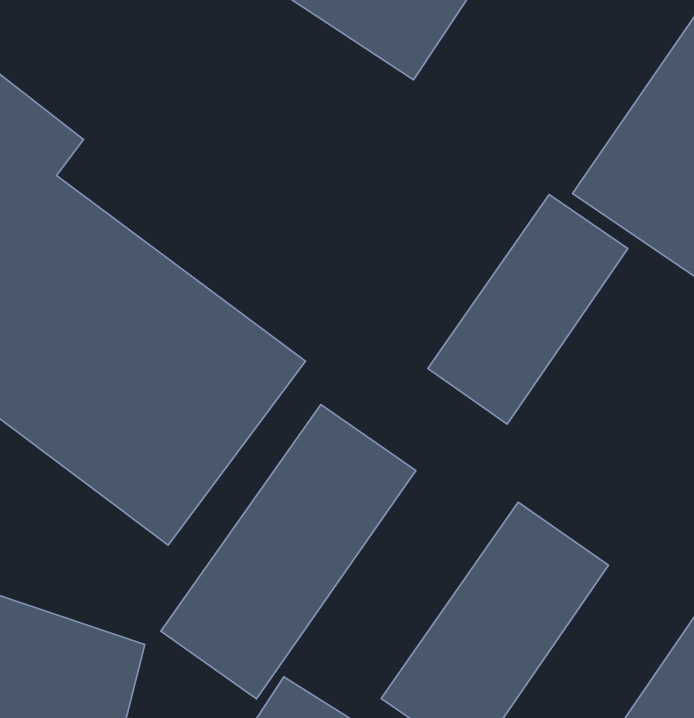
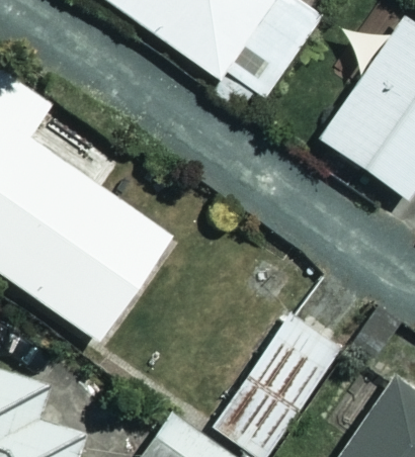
building: [428,195,628,424] -> none
building: [161,404,416,699] -> none

